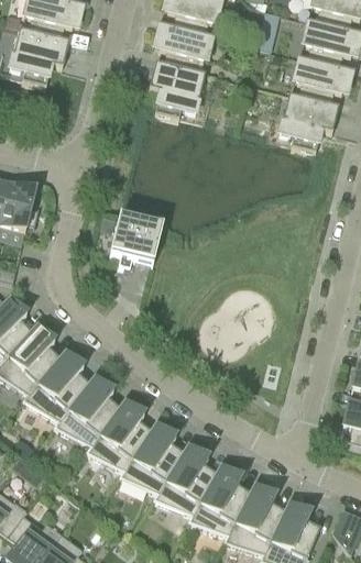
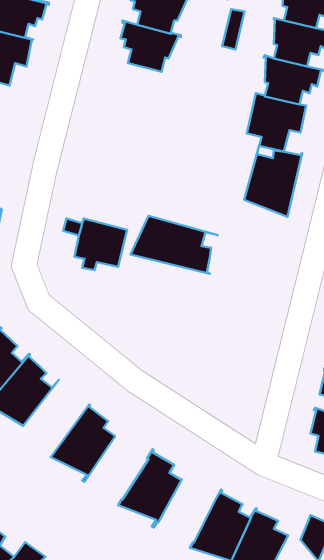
building: [149,60,205,117] -> none
building: none -> [244,144,302,217]
building: none -> [130,216,218,274]
building: [55,374,119,444] -> none
building: [120,421,183,497] -> none
building: [188,463,249,533] -> none

